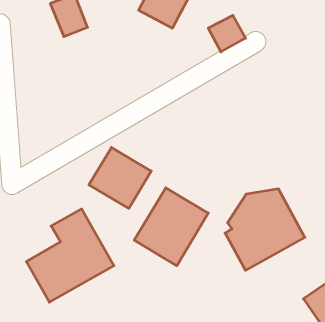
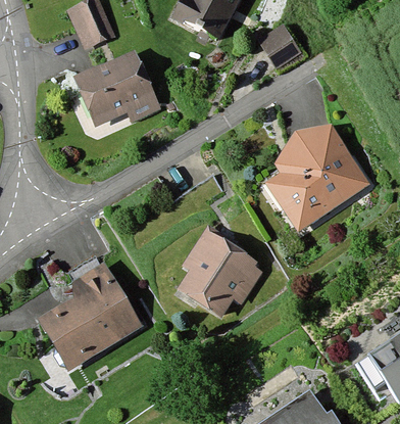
building: none -> [72,53,152,125]
building: [89,147,151,208] -> none
building: [225,189,305,270] -> [274,126,370,224]

